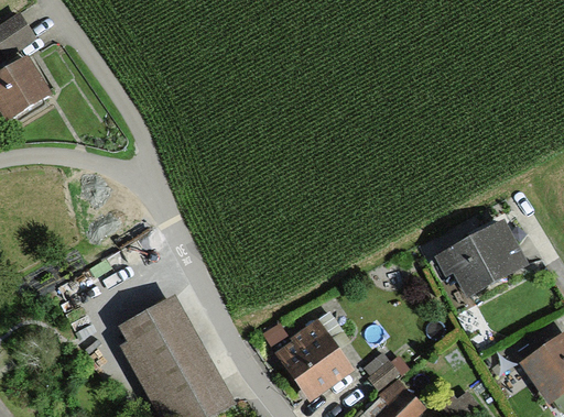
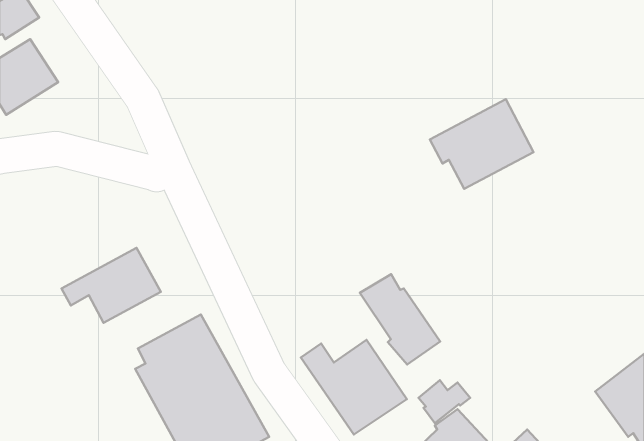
building: [437,218,528,296] -> [430,99,534,189]
building: none -> [62,248,161,323]
building: none -> [360,274,440,364]

